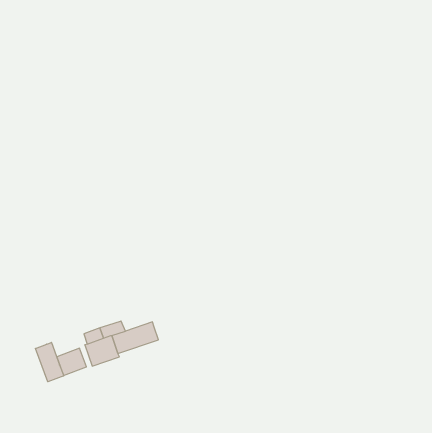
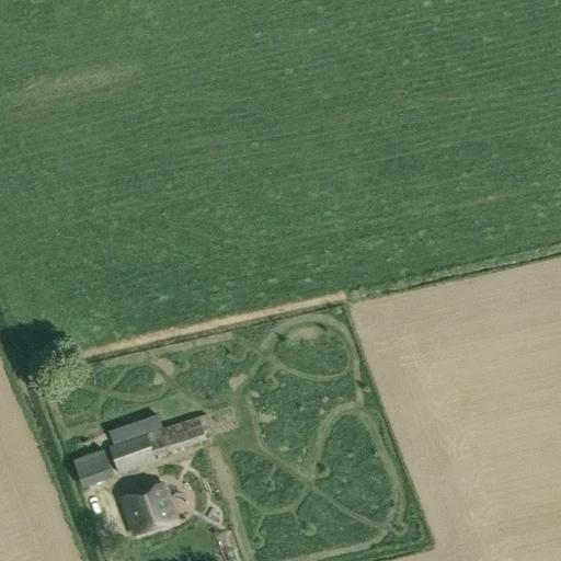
building: [35,342,64,382] -> none
building: none -> [121,481,175,535]

